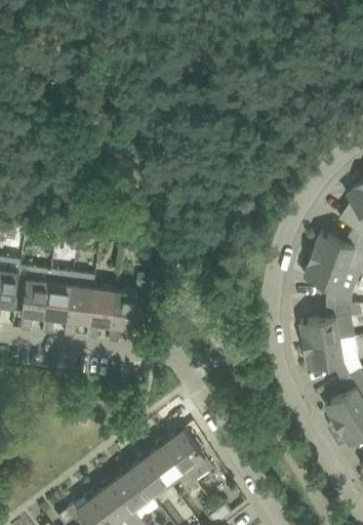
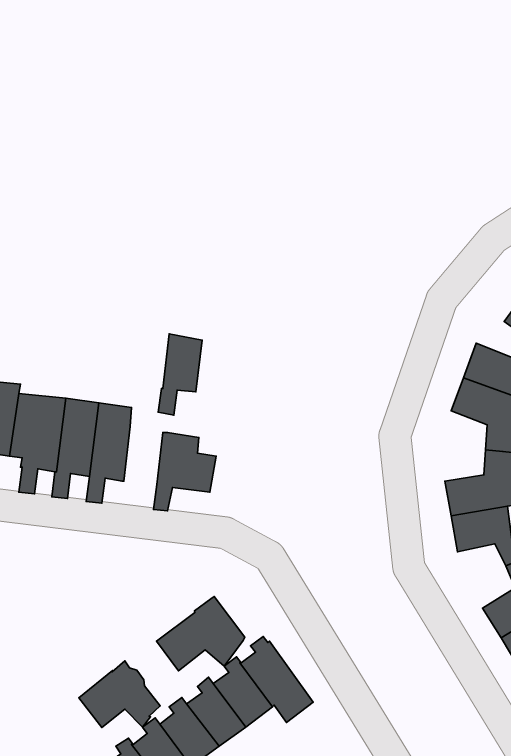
building: [86,287,115,340] -> [158,334,202,415]
building: none -> [156,596,245,671]
building: none -> [79,661,160,728]

